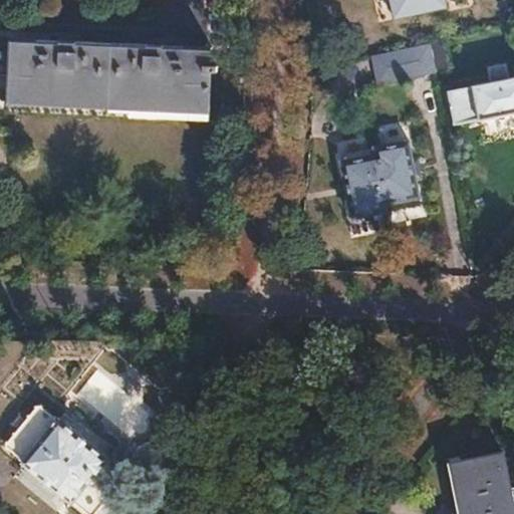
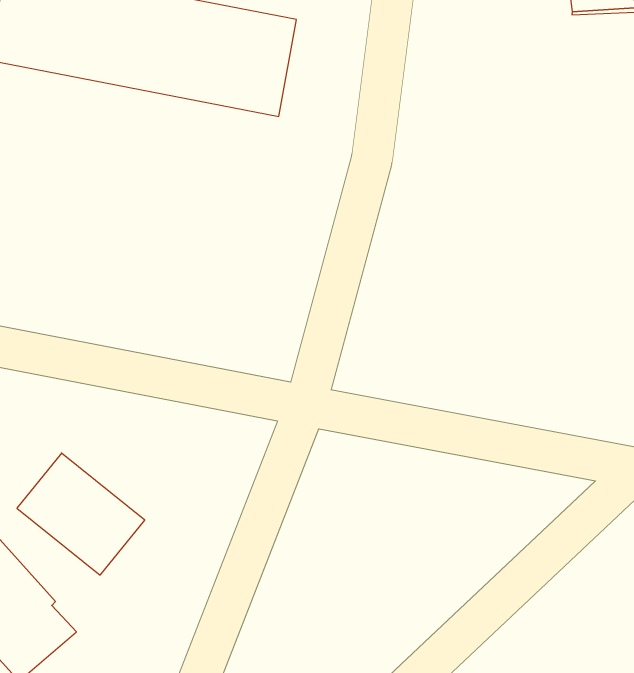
building: [368,39,435,83] -> none
building: [339,140,418,217] -> none

